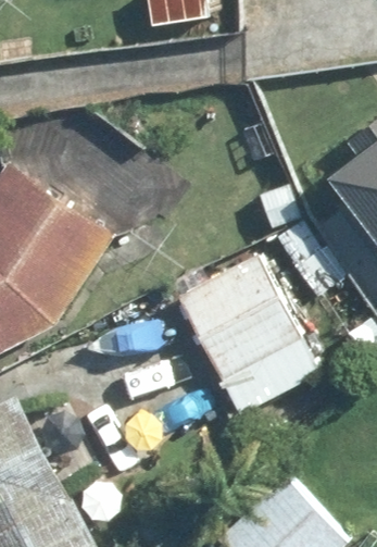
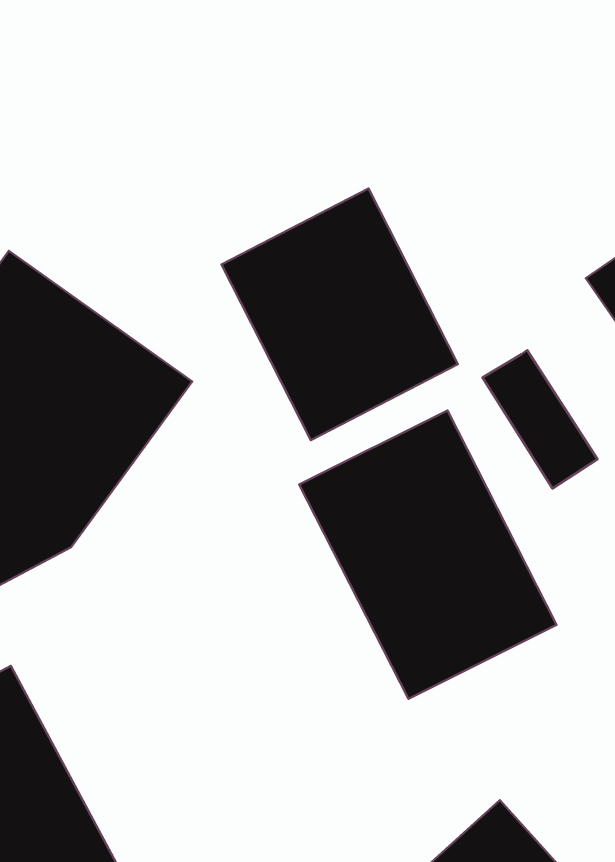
building: none -> [222,189,458,440]

